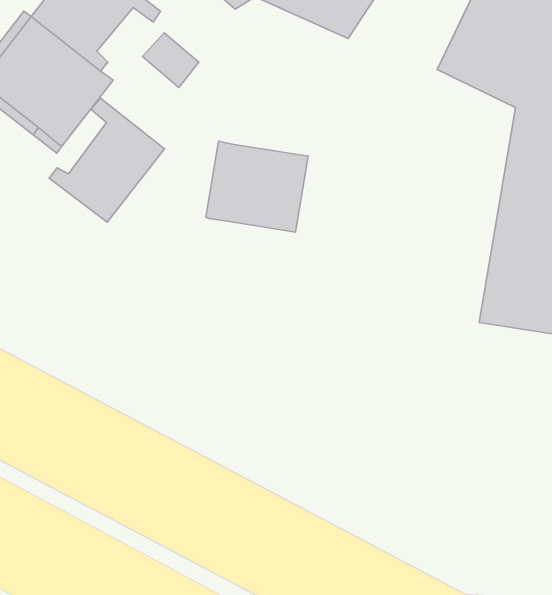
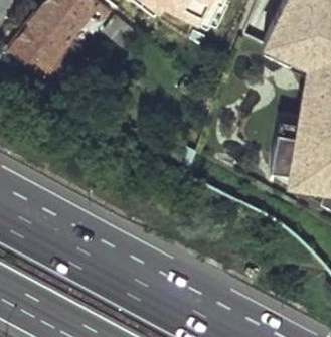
building: [49,98,164,222] -> none
building: [206,141,308,232] -> none

